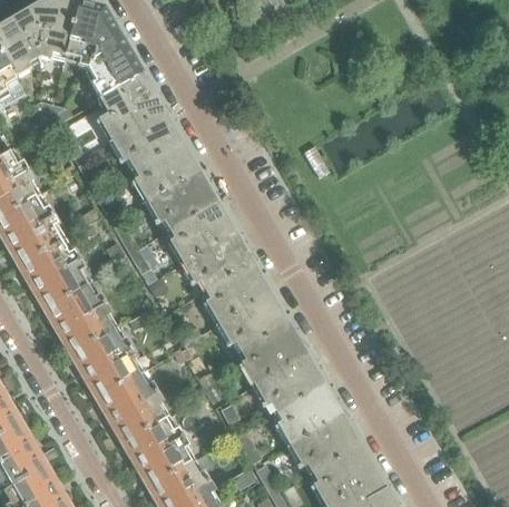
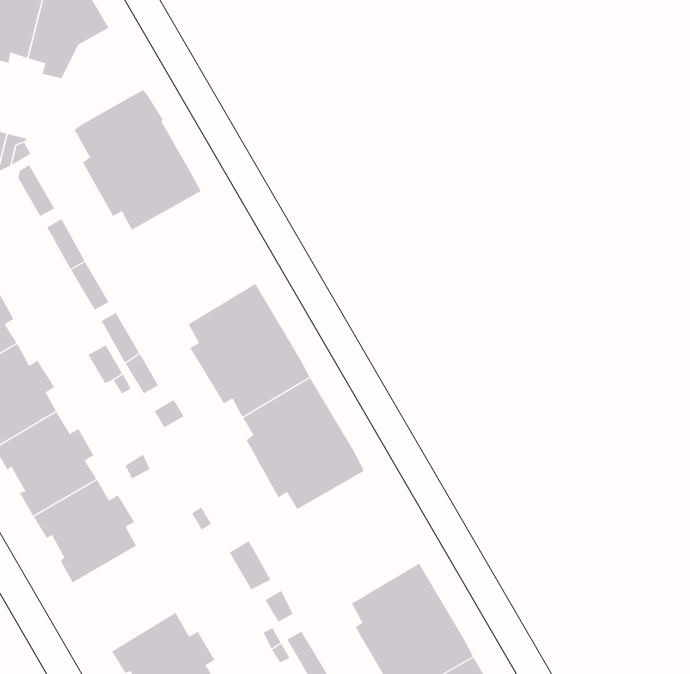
building: [90,33,145,97] -> none
building: [136,140,217,227] -> none
building: [244,323,324,410] -> none
building: [97,372,165,441] -> none

